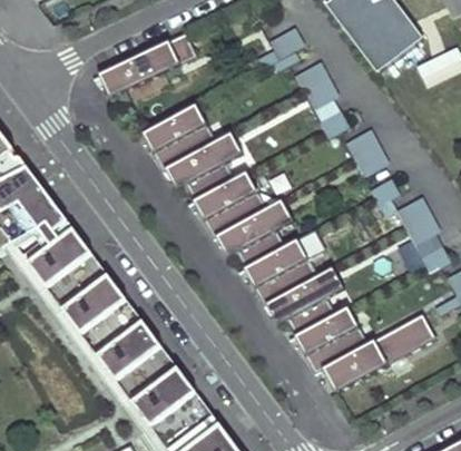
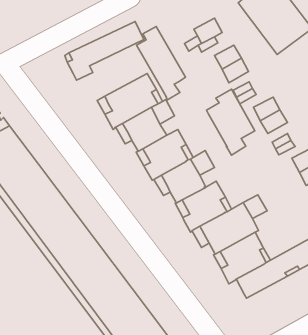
building: none -> [137,27,186,100]
building: none -> [207,89,255,155]

